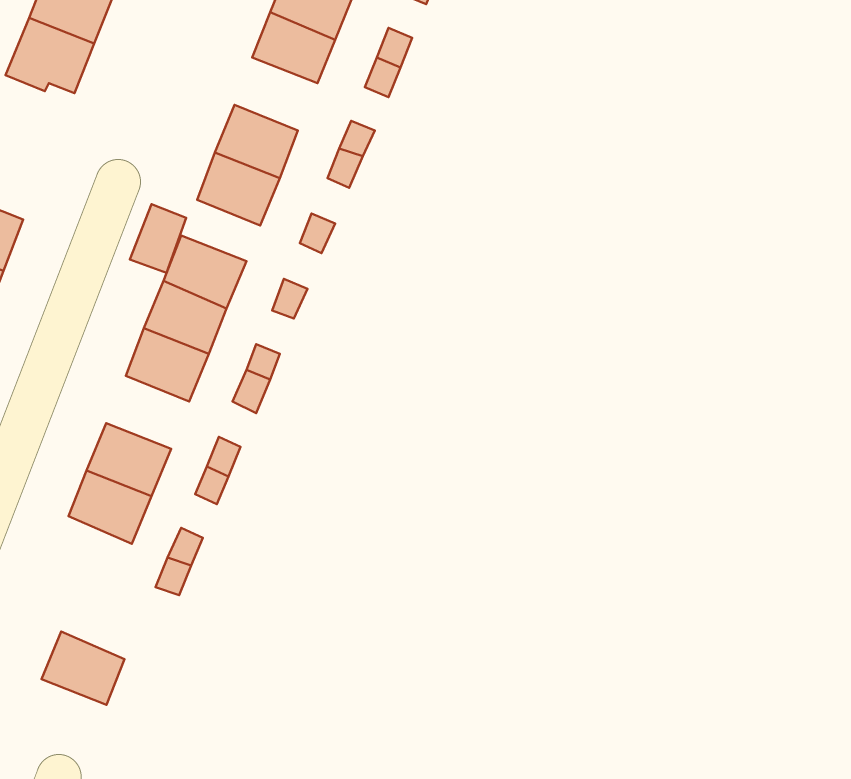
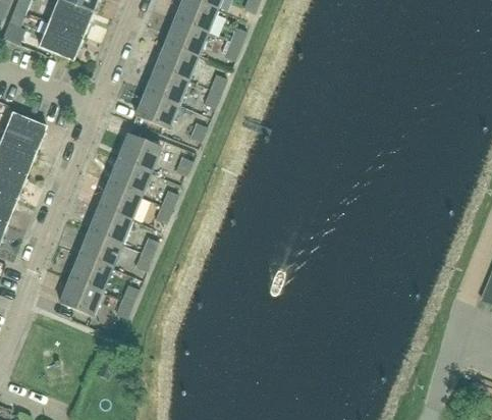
building: none -> [156,40,199,77]
building: [130,204,186,273] -> none
building: none -> [90,204,132,242]
building: [41,632,124,705] -> [60,276,103,314]

